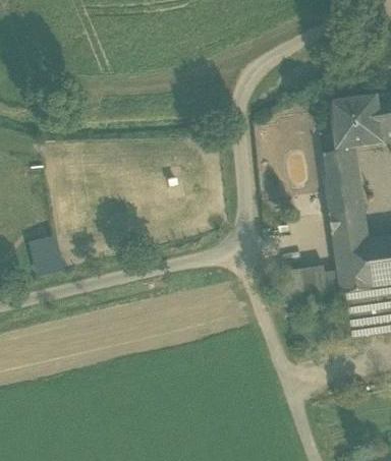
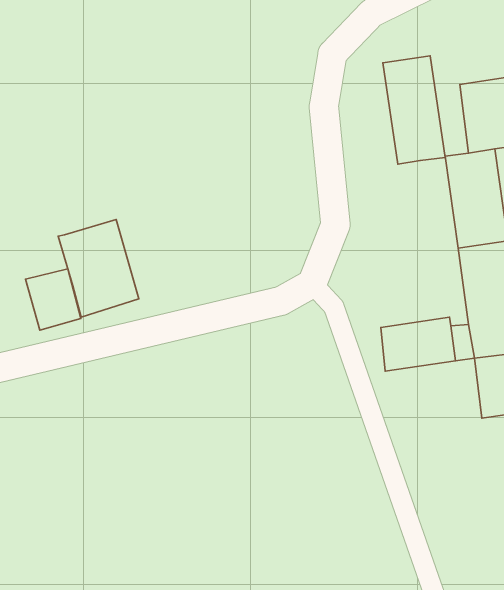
building: none -> [383,56,445,164]
building: none -> [58,219,139,317]

